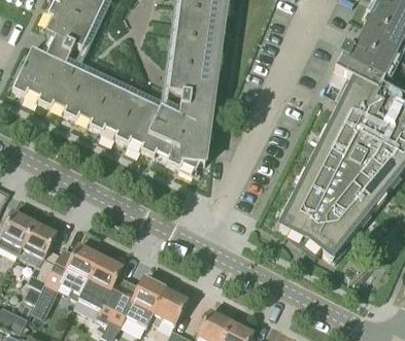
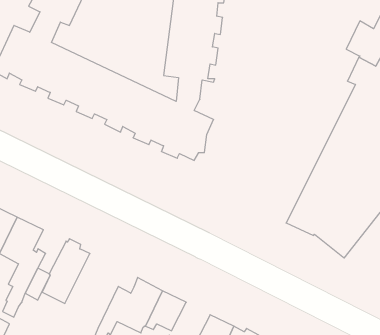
building: [75,253,127,321] -> none

